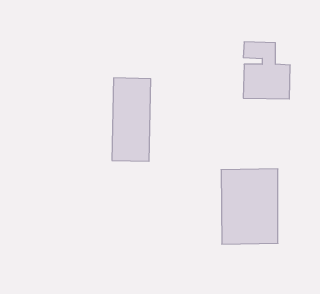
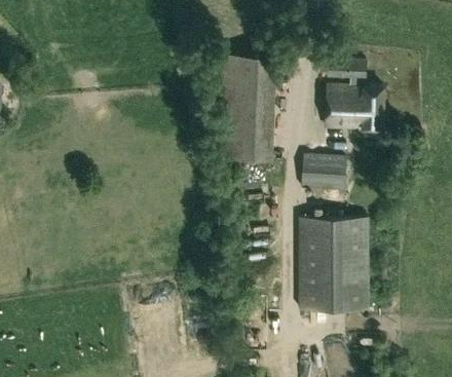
building: [112,78,151,161] -> [222,51,270,155]
building: none -> [301,154,346,194]

